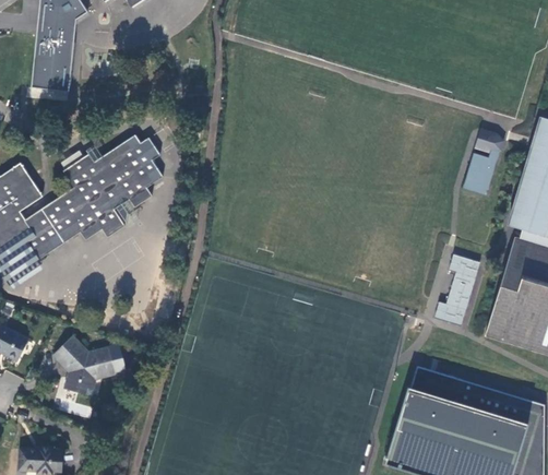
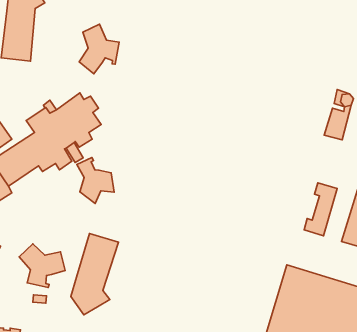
building: none -> [79,24,119,74]
building: none -> [77,157,114,204]
building: none -> [71,233,118,315]

